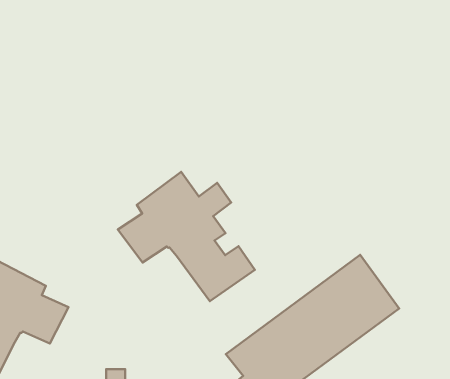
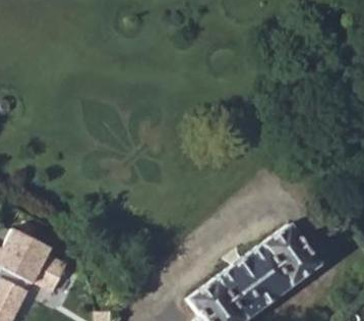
building: [118,172,255,301] -> none

